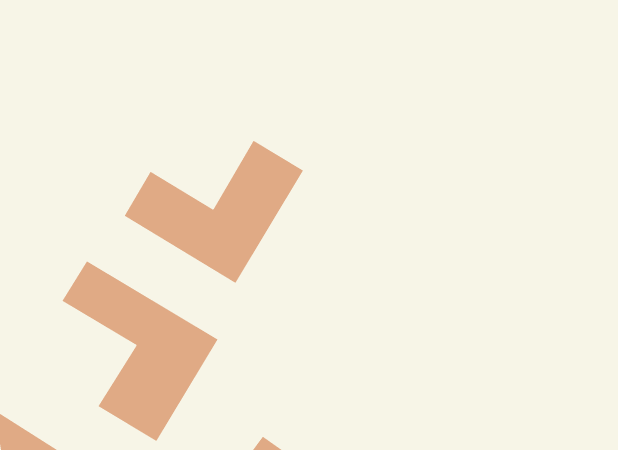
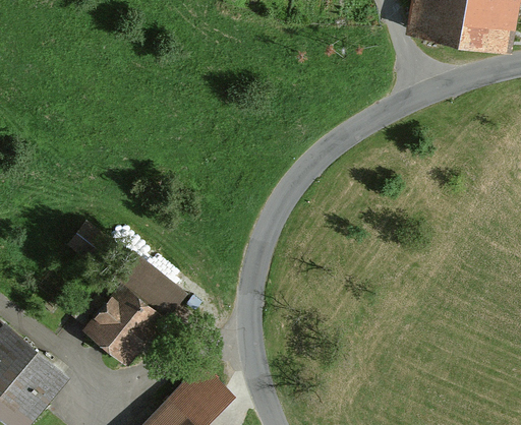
building: [124,140,304,284] -> none

